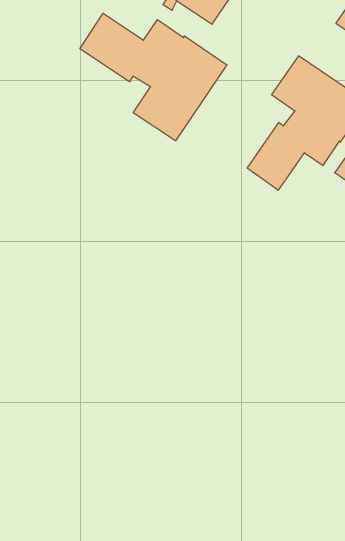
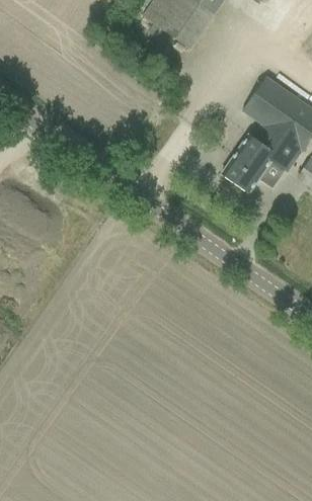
building: [80,13,227,141] -> none

